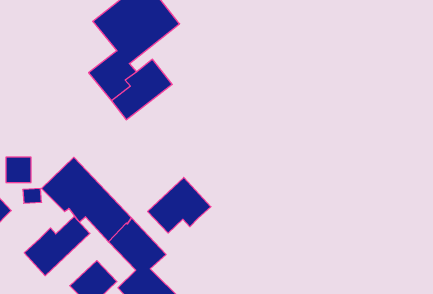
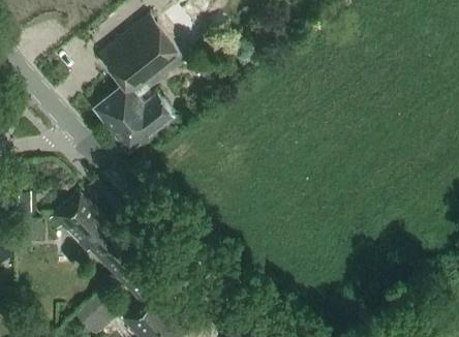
building: [148,177,211,233] -> none
building: [24,217,90,276] -> none

